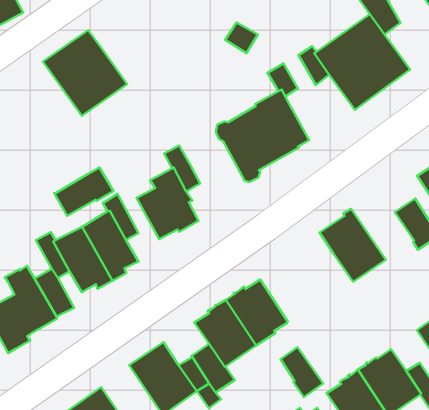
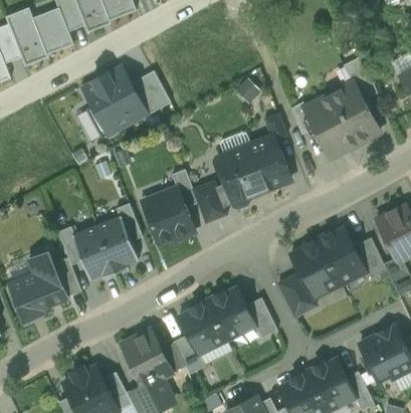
building: none -> [131,71,168,115]
building: none -> [192,181,233,223]
building: [54,168,114,216] -> none
building: none -> [318,228,366,284]
building: none -> [277,273,316,317]
building: [281,347,323,397] -> [245,297,277,339]

